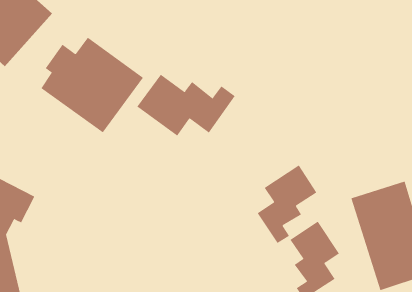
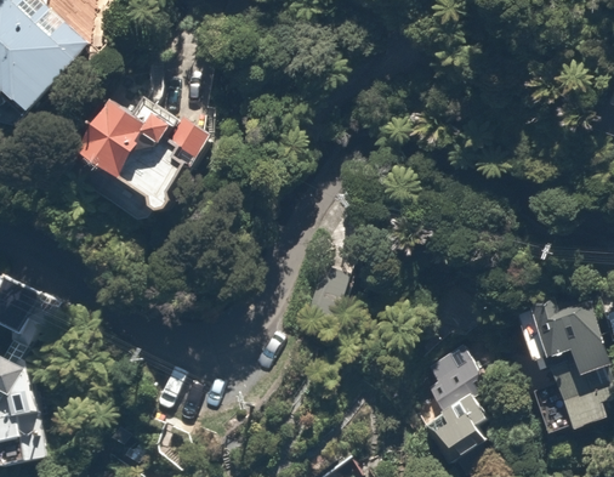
building: [137,74,235,136] -> none
building: [257,164,317,244] -> none

